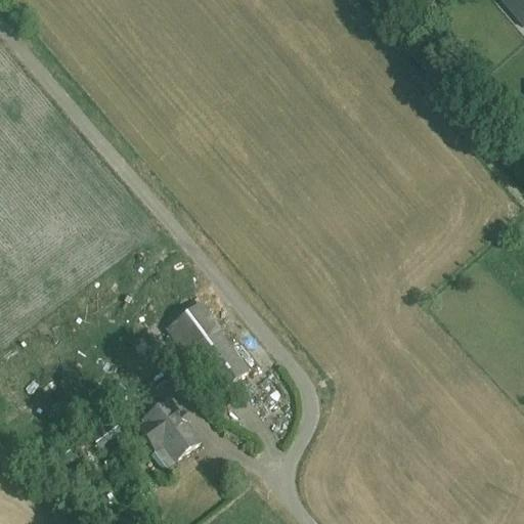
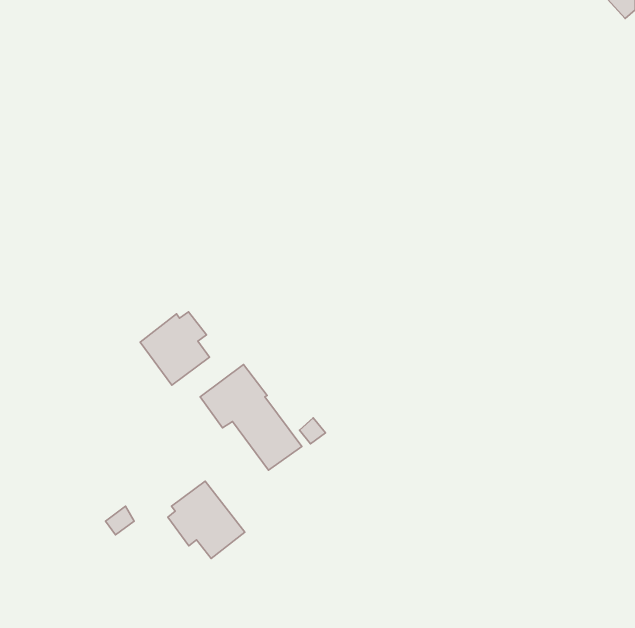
building: none -> [140,312,209,385]

